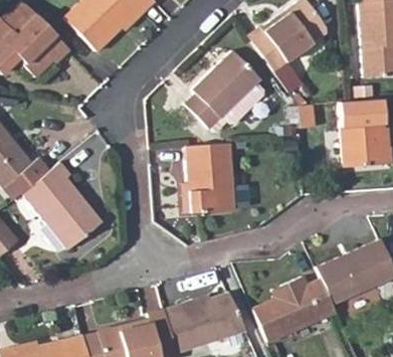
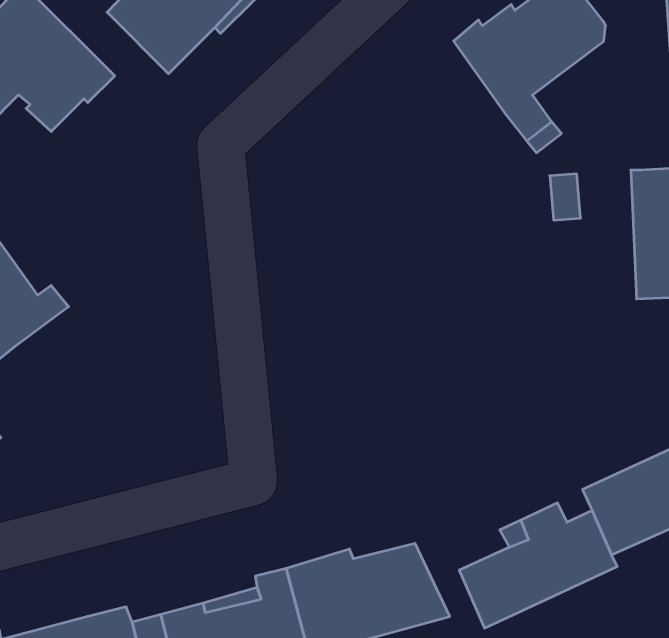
building: [188,49,268,127] -> none
building: [186,143,238,210] -> none
building: [20,164,97,250] -> none

